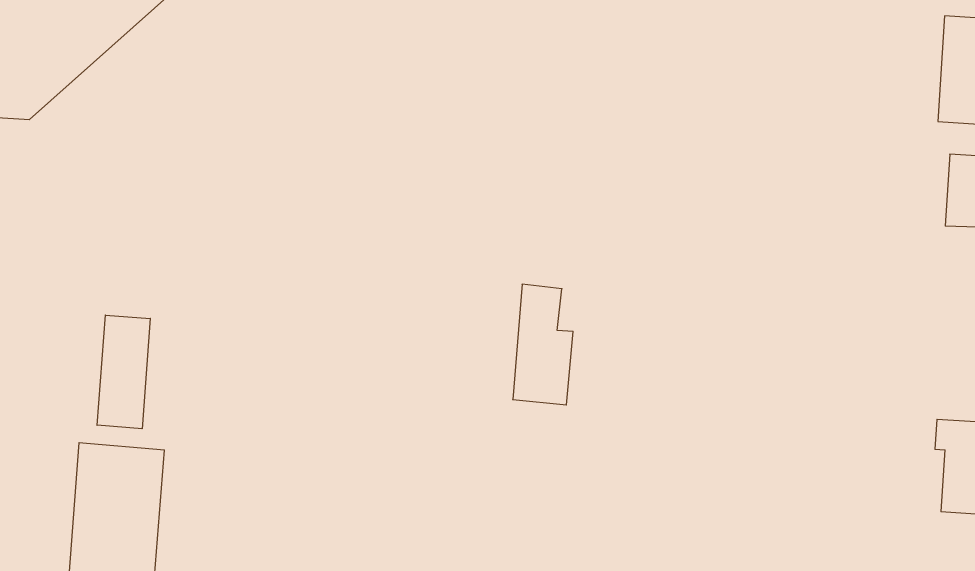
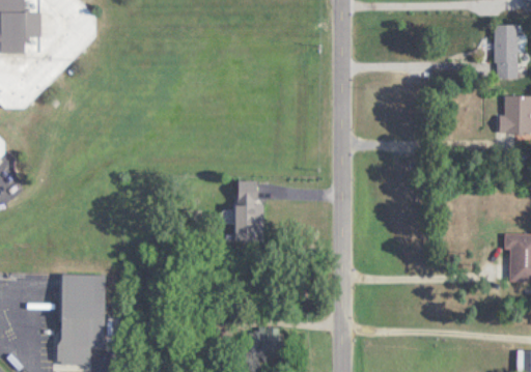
building: [513,284,573,405] -> [235,180,264,241]
building: [97,315,150,429] -> none

